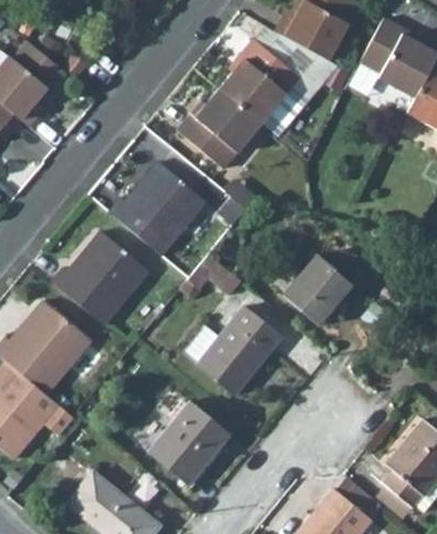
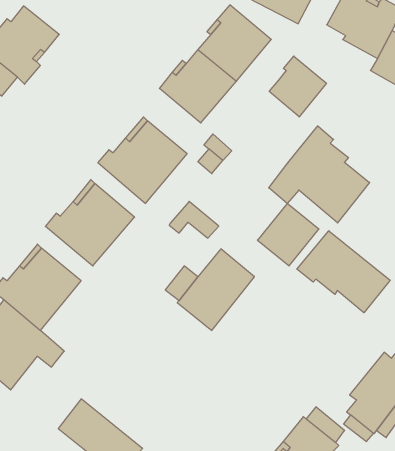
building: none -> [269,56,326,117]
building: none -> [269,126,370,223]
building: none -> [297,231,390,313]
building: [147,401,229,484] -> none

